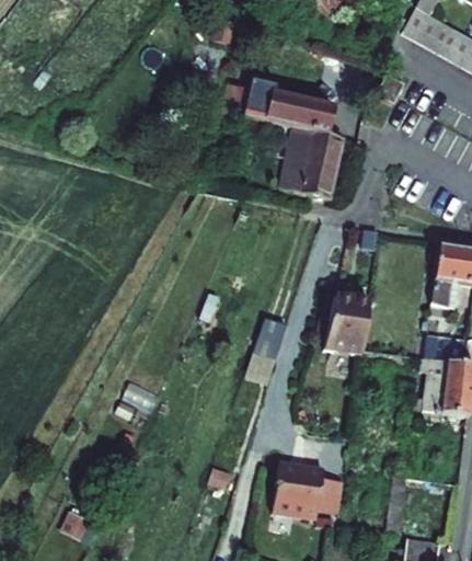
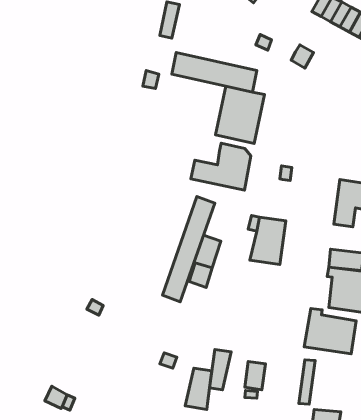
building: none -> [191,143,251,190]
building: none -> [162,196,215,302]
building: none -> [304,308,356,354]
building: [289,466,323,518] -> [185,368,212,409]

